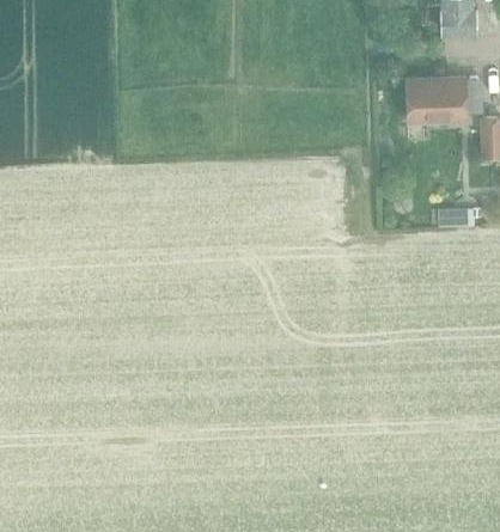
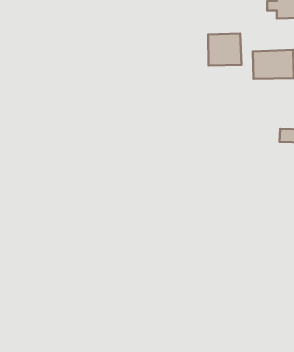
building: none -> [208,34,241,66]

